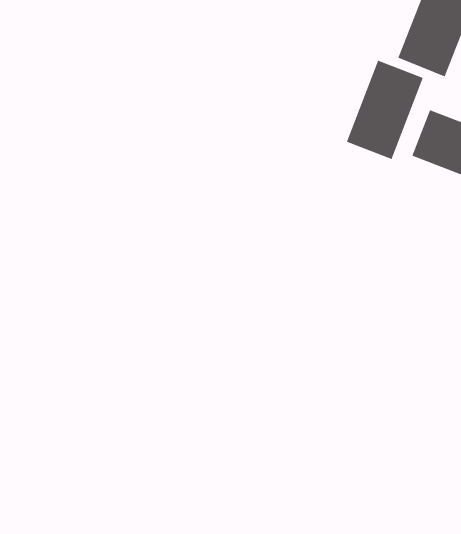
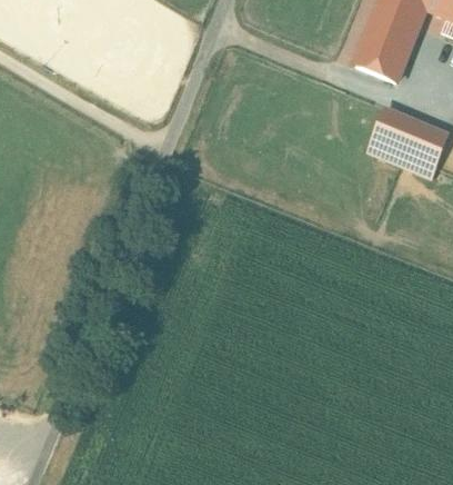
building: [346,60,424,160] -> none

